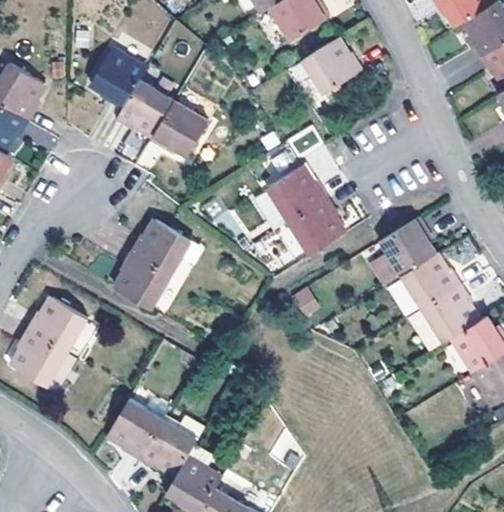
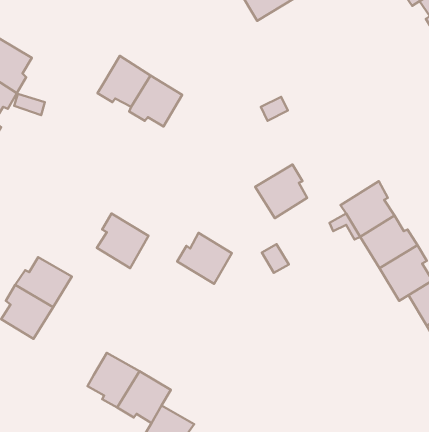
building: [290,38,362,95] -> none
building: [91,49,146,110] -> none
building: [265,165,326,221] -> none
building: [131,219,190,274] -> [177,233,232,284]

